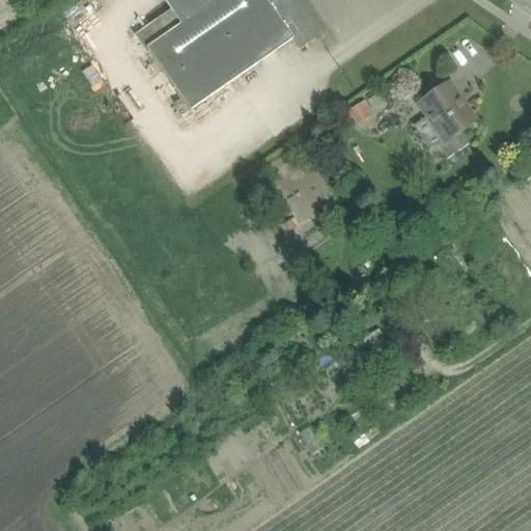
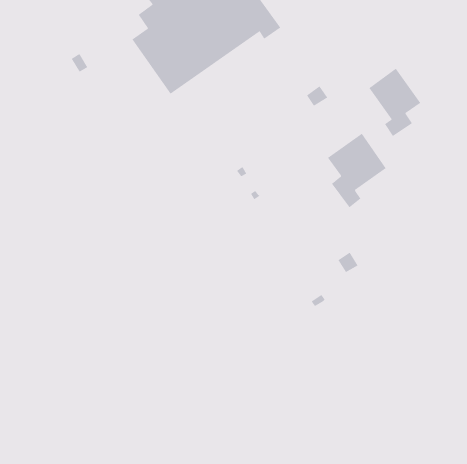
building: none -> [327,133,386,208]

